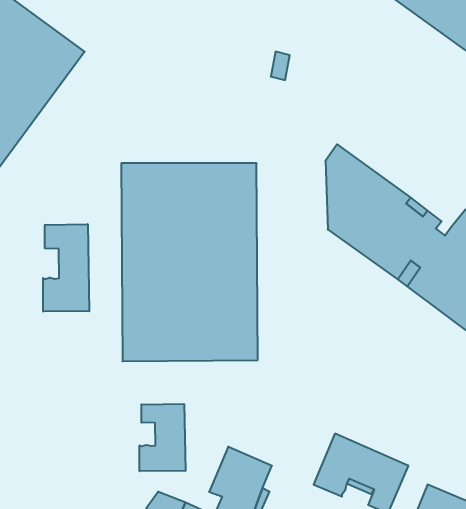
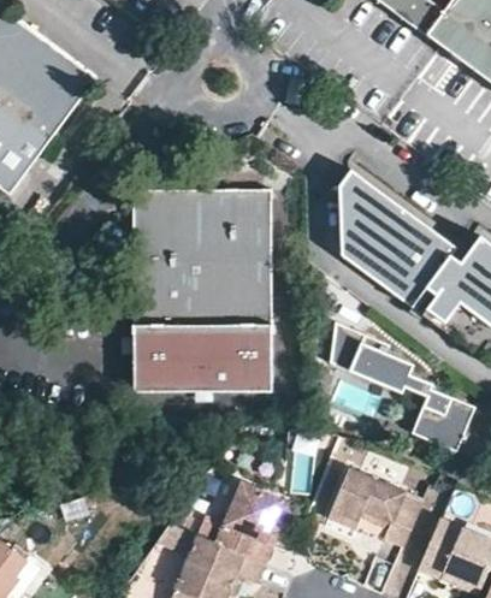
building: [43,224,89,312] -> none
building: none -> [330,322,475,452]
building: [140,404,185,471] -> none

